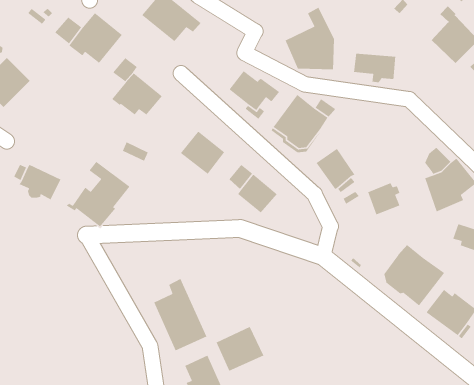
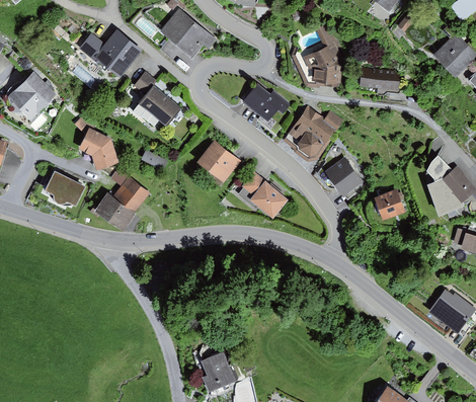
building: none -> [74,114,118,170]
building: [383,244,445,306] -> none
building: [153,278,207,352] -> none
building: [216,326,264,372] -> none

